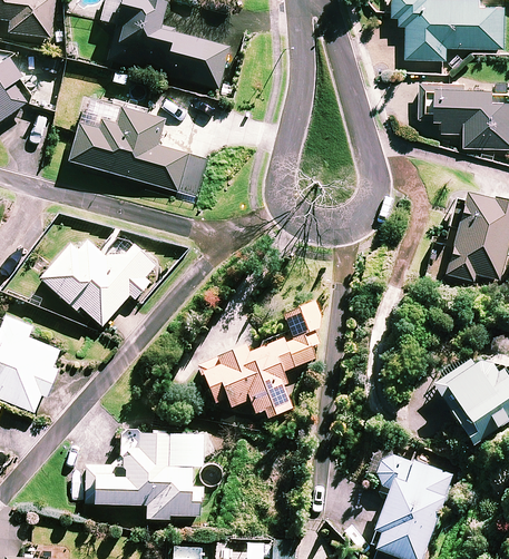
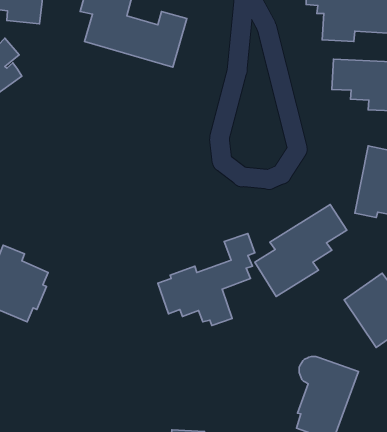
building: [69,107,188,193] -> none
building: [40,237,156,326] -> none
building: none -> [255,204,347,296]
building: [82,431,204,521] -> none

